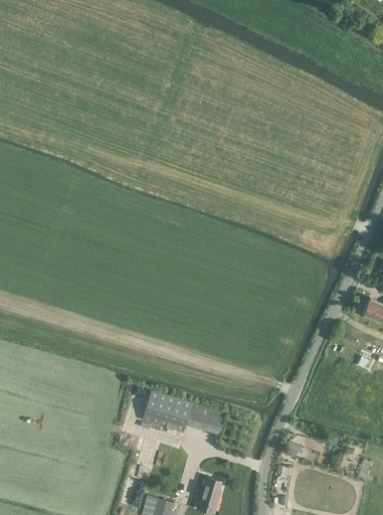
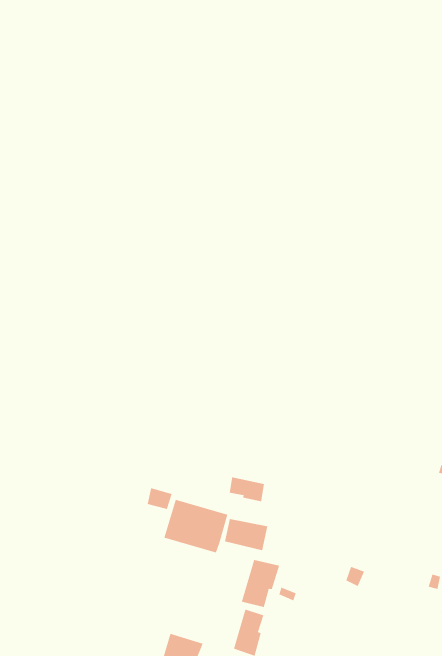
building: none -> [229,477,264,502]
building: none -> [241,559,280,608]

